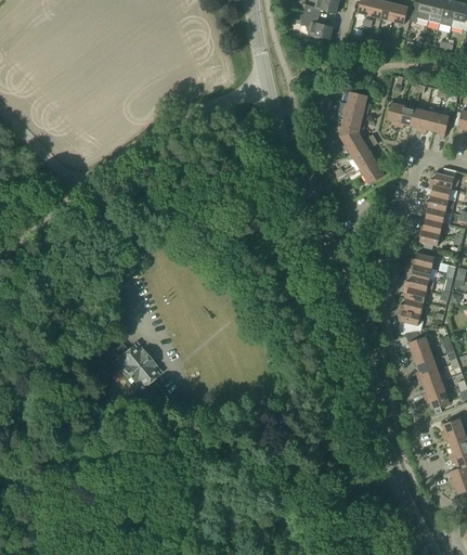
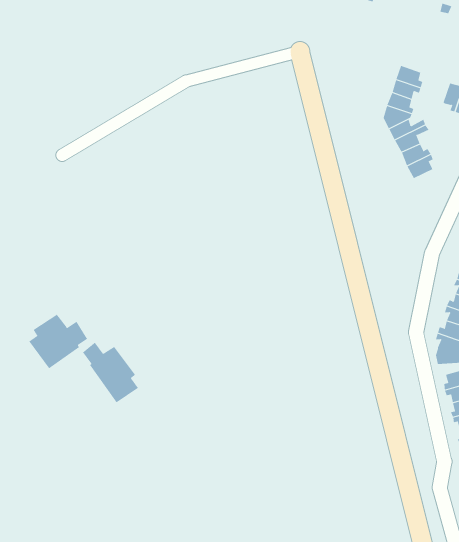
building: none -> [29,314,88,369]

